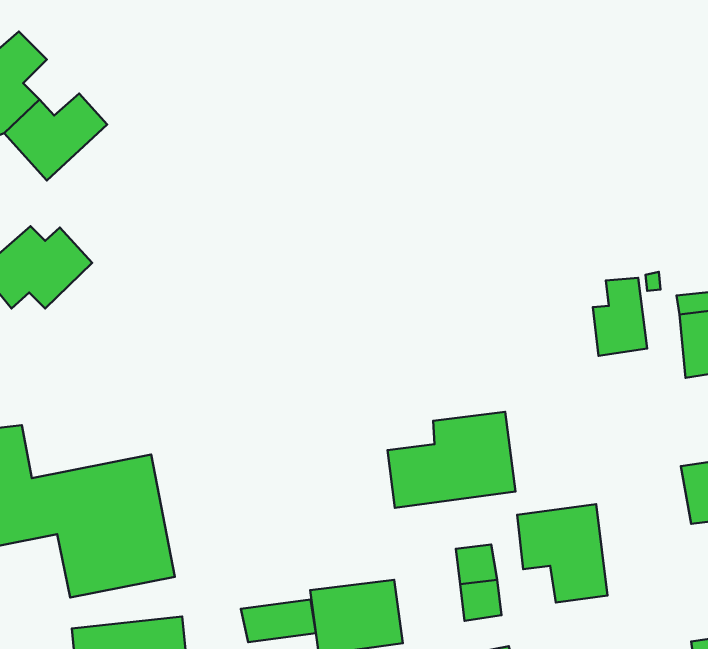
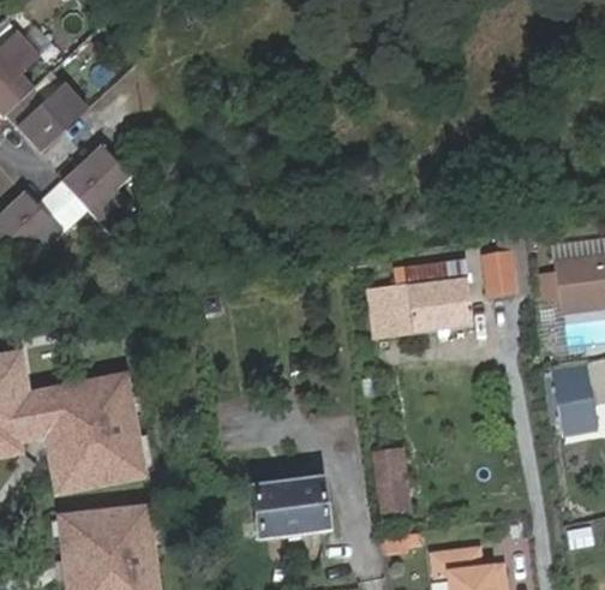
building: none -> [50,143,136,231]
building: [387,412,515,508] -> [369,258,473,336]
building: [517,504,607,603] -> none
building: [241,599,316,642] -> none

